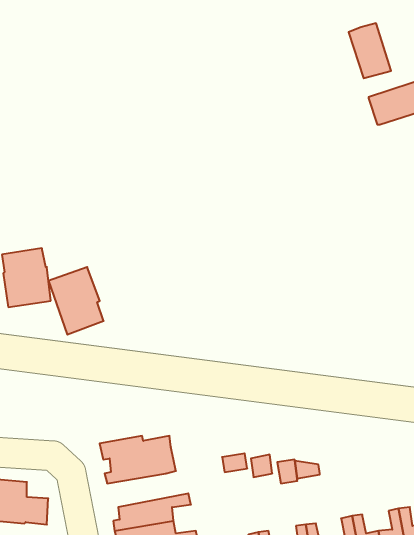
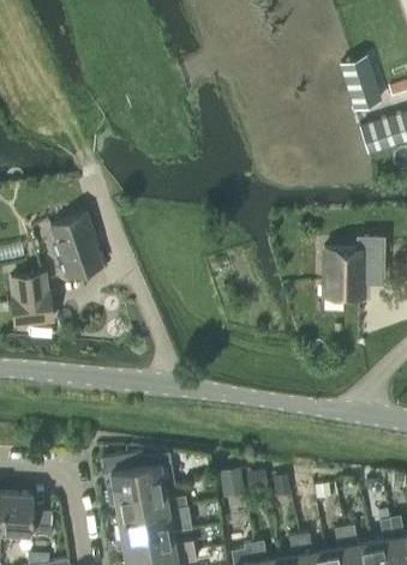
building: none -> [324,240,382,299]
building: [49,267,104,335] -> [50,215,103,280]
building: none -> [109,488,187,521]

